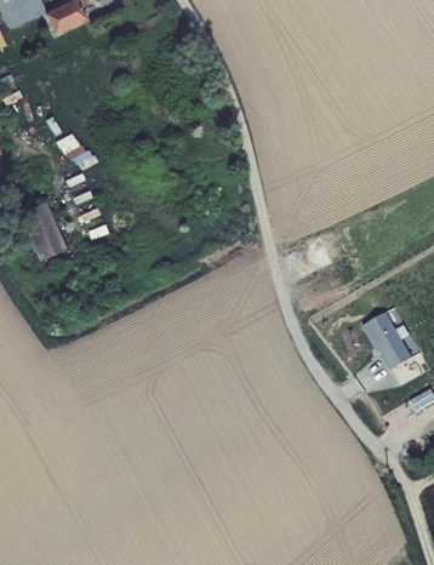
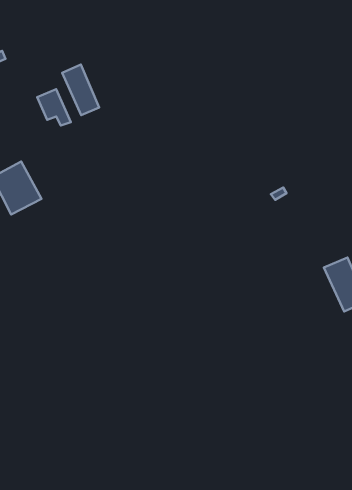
building: none -> [62,64,99,115]

